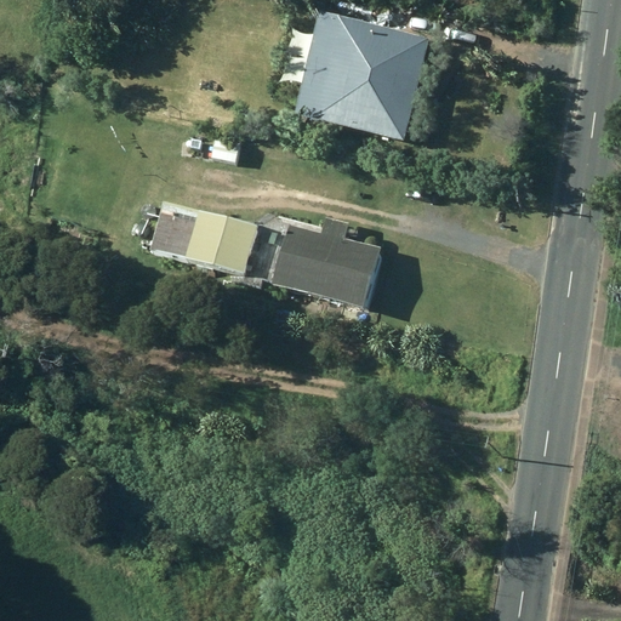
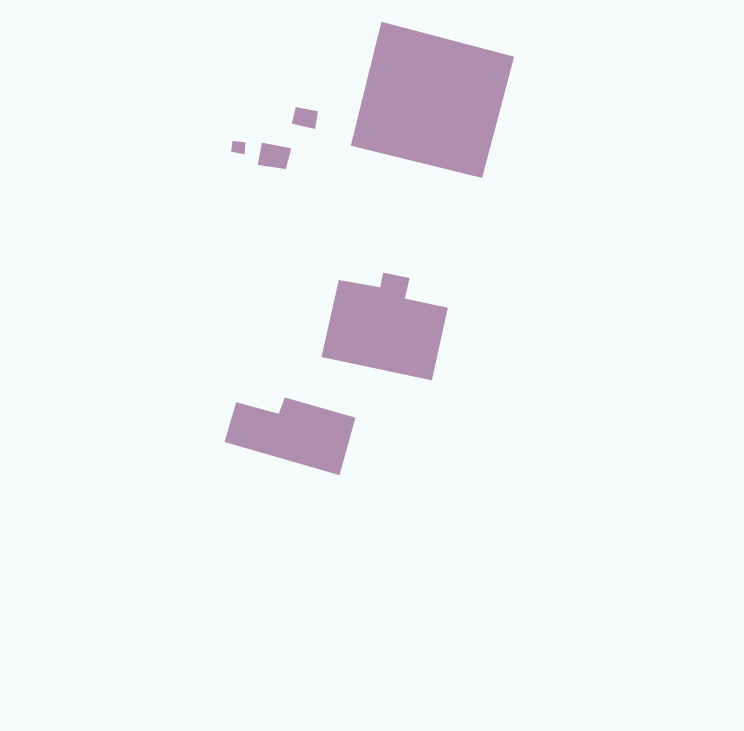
building: [142,215,251,280] -> [224,397,356,476]

